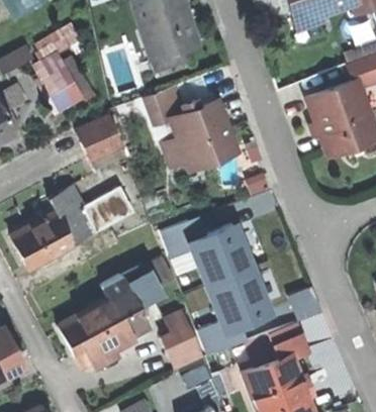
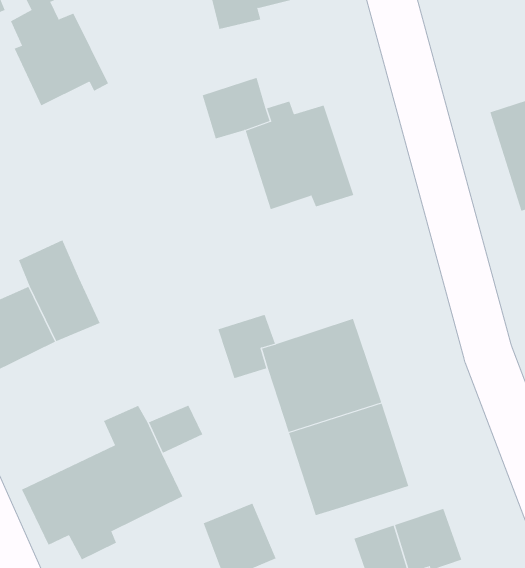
building: [78,117,123,163] -> none
building: [85,189,133,232] -> none
building: [200,322,244,354] -> none

